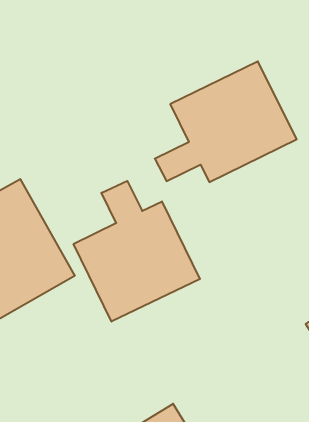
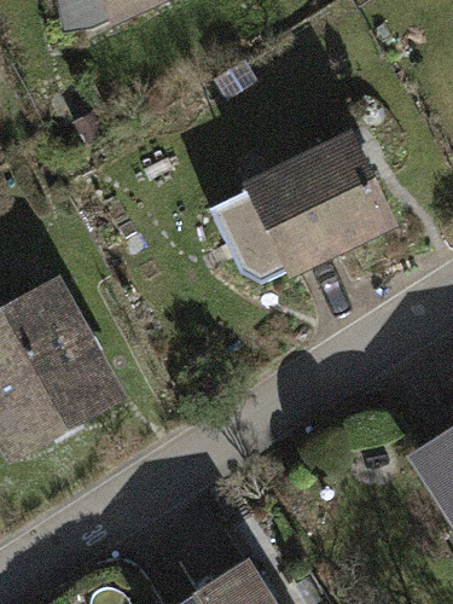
building: [74,181,200,322] -> none

